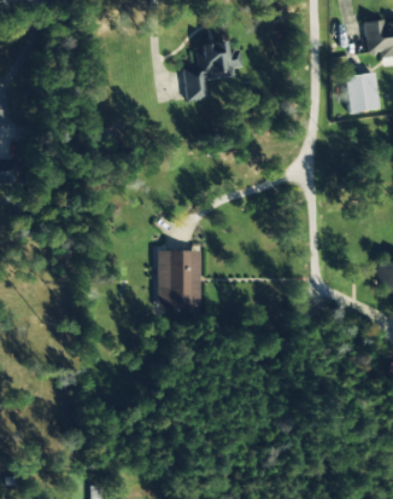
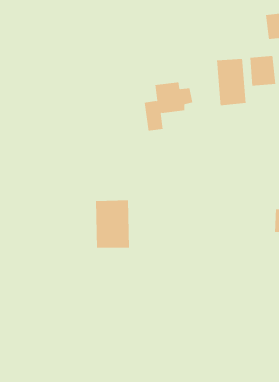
building: [182,41,242,101] -> [144,82,193,131]
building: none -> [216,58,246,106]

